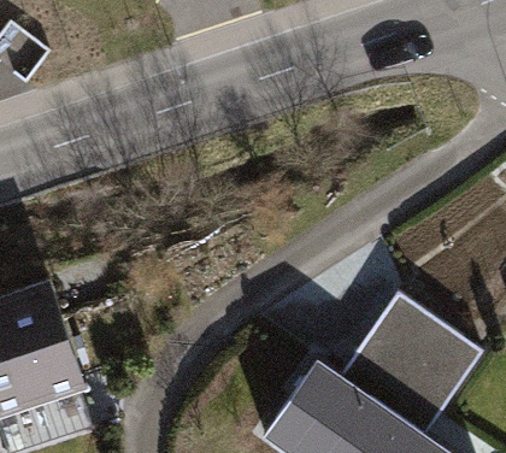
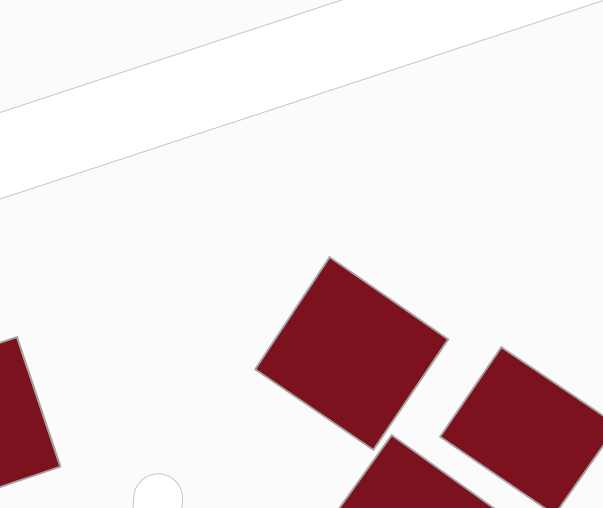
building: none -> [255,257,448,450]

